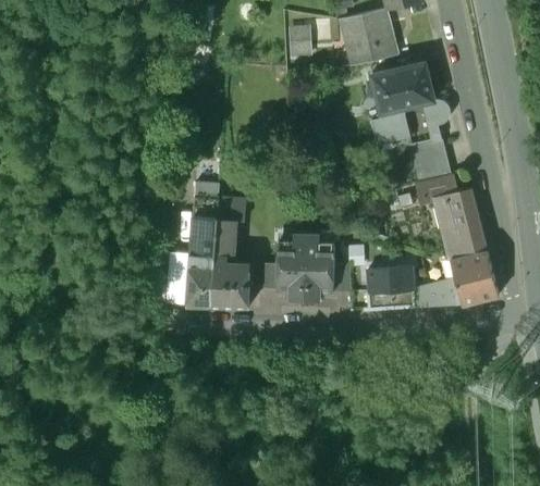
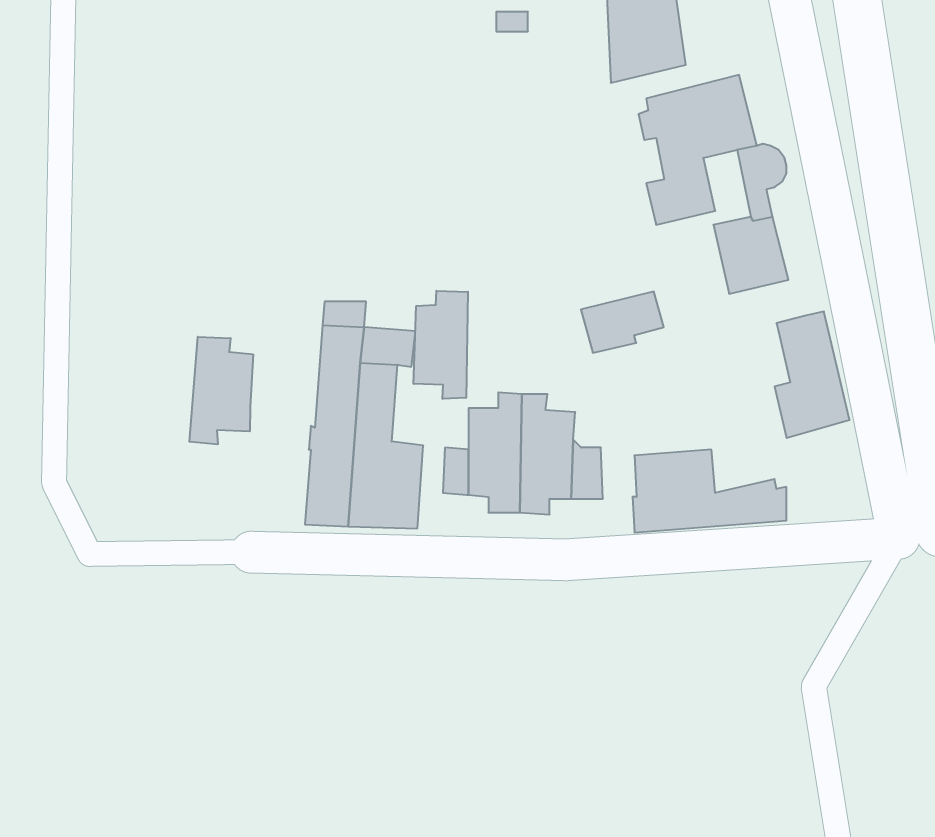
building: [415,173,461,207] -> [581,292,664,353]
building: none -> [414,291,468,399]
building: none -> [189,337,253,444]
building: [443,250,496,306] -> none

